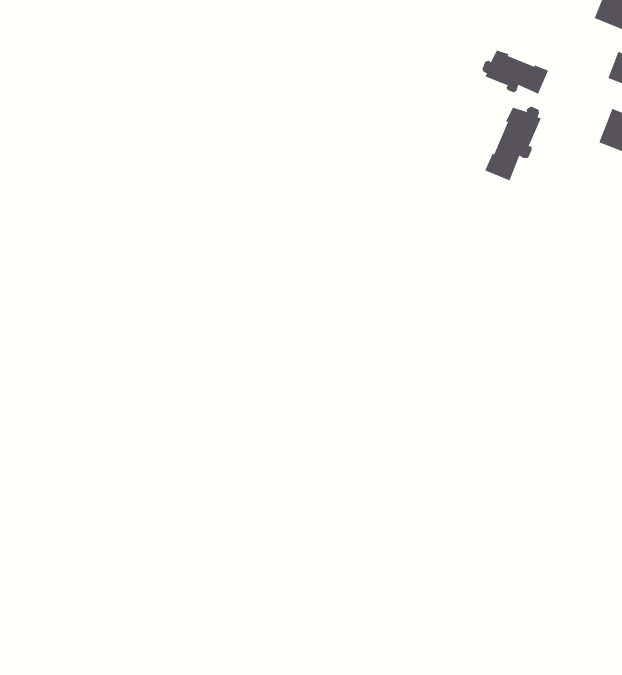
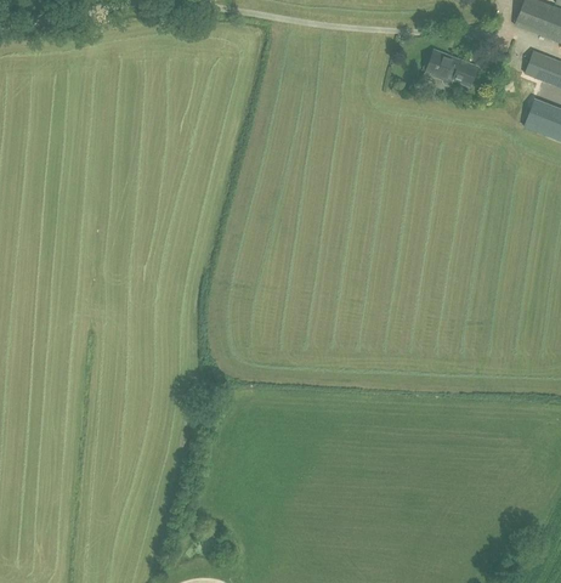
building: [485,106,542,181] -> none

